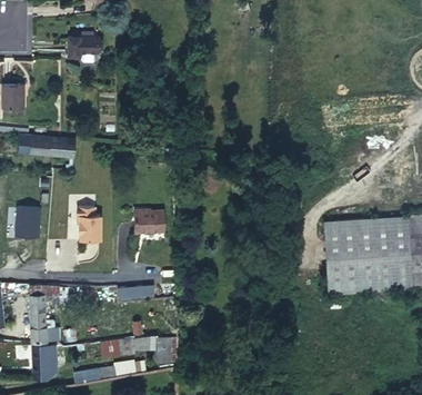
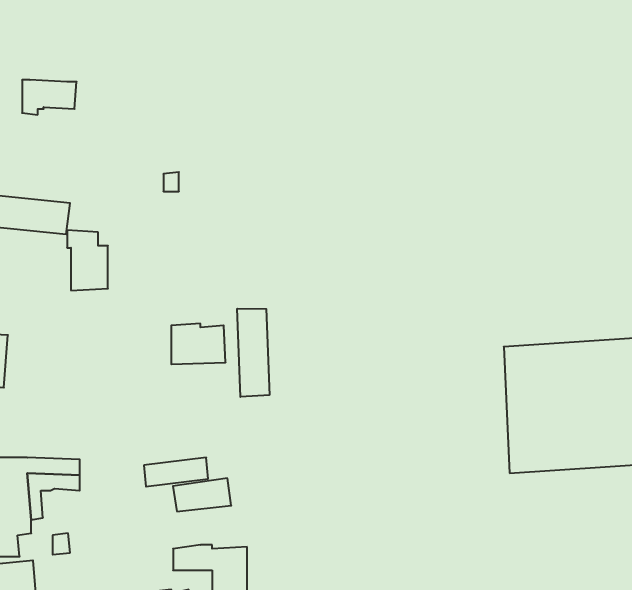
building: [68,36,99,56] -> [22,80,77,115]
building: none -> [237,309,269,397]
building: [77,206,100,240] -> [67,230,108,290]
building: [99,337,132,356] -> [173,478,231,511]

